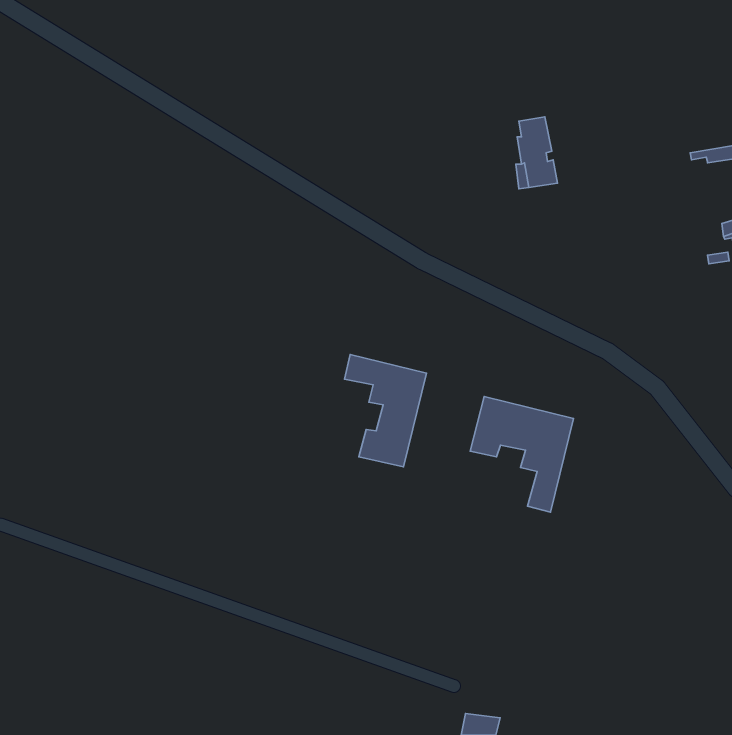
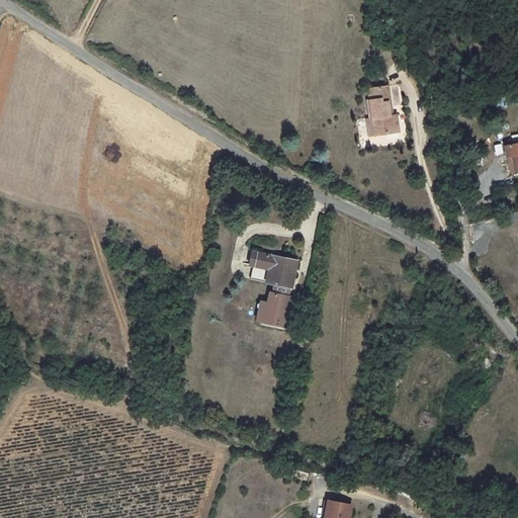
building: [470,397,574,512] -> none

